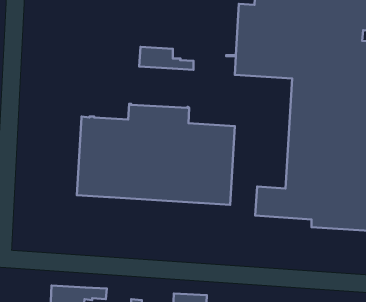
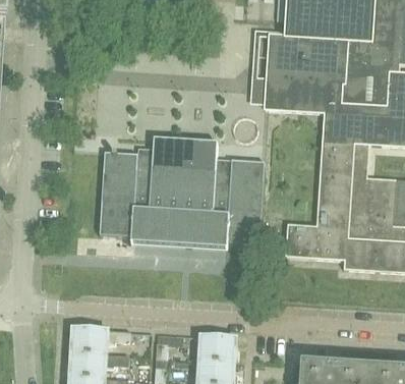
building: [139,47,194,70] -> none

